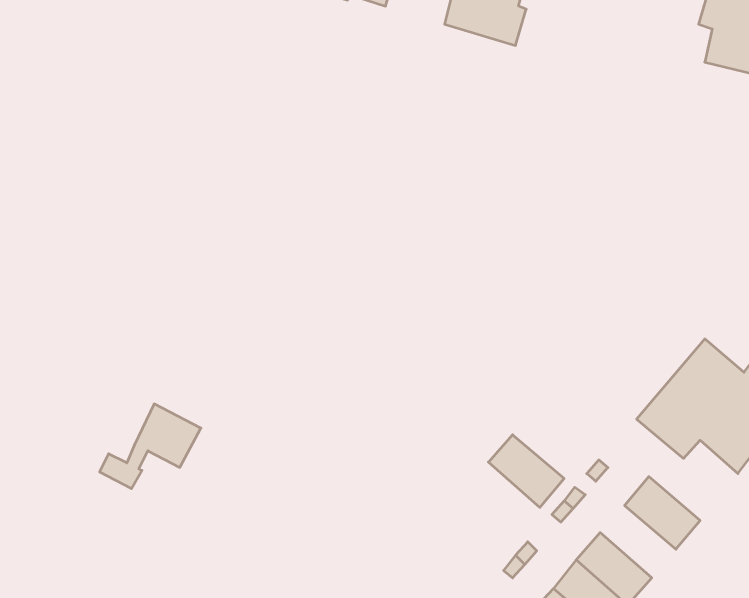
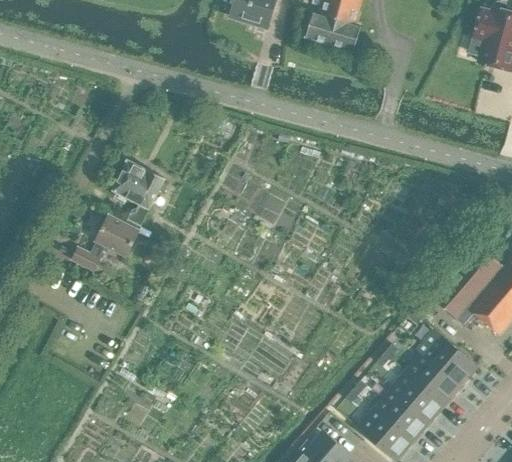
building: none -> [113,161,165,226]
building: [100,404,201,489] -> [73,215,140,271]
building: [488,435,564,507] -> [409,356,459,404]

